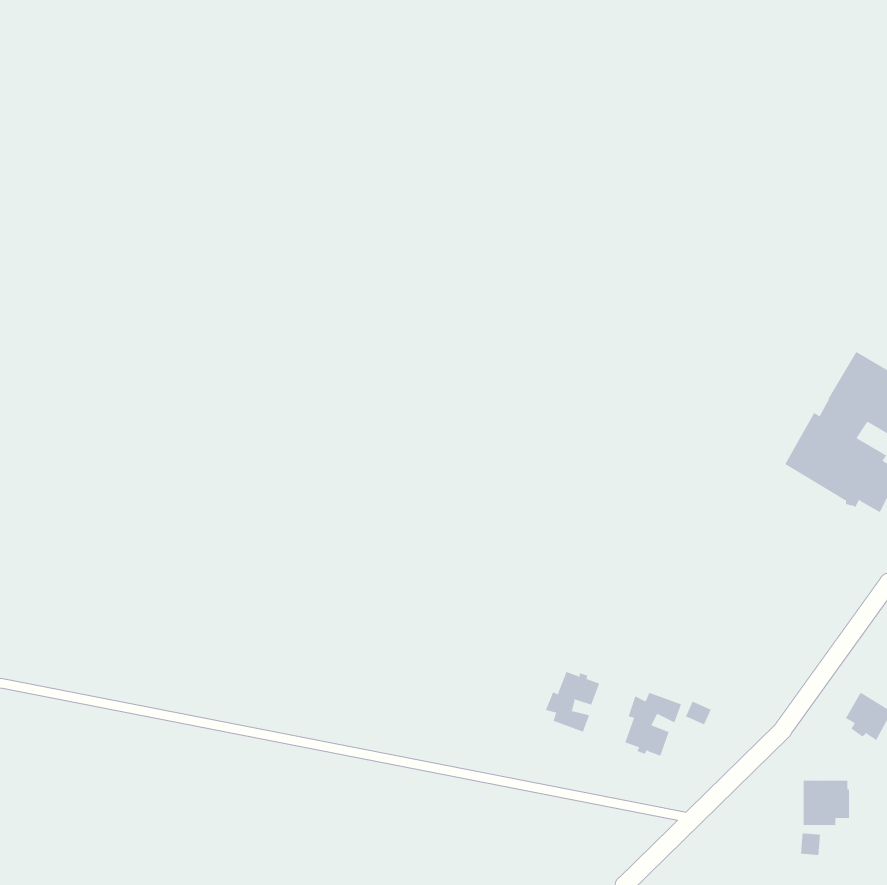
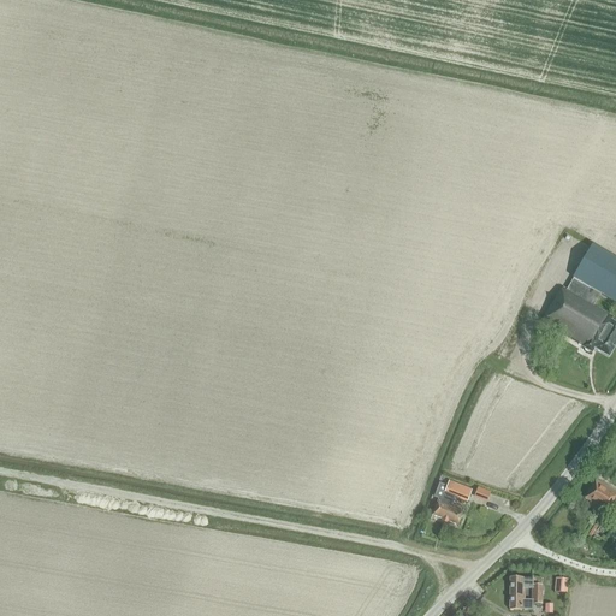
building: [545,671,600,732] -> none
building: [803,780,850,826] -> [510,576,543,608]

